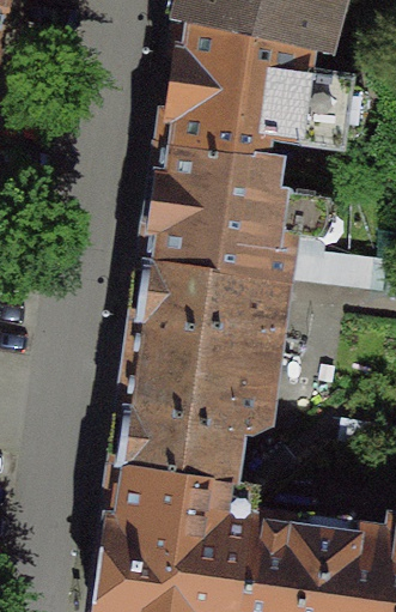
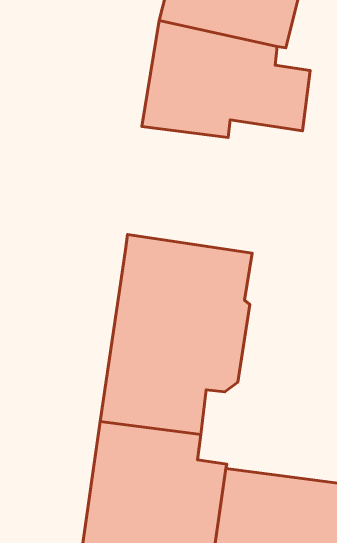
building: [151,145,301,284] -> none

